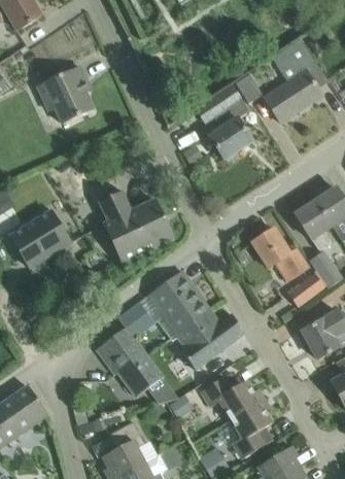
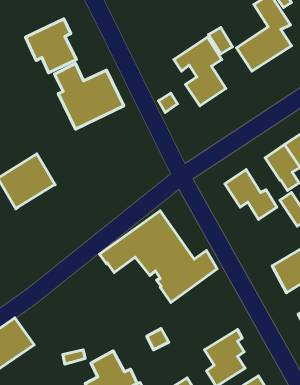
building: [99,192,173,262] -> [54,64,124,129]
building: [285,274,322,308] -> none
building: [96,327,177,403] -> none
building: [200,371,265,419] -> none

